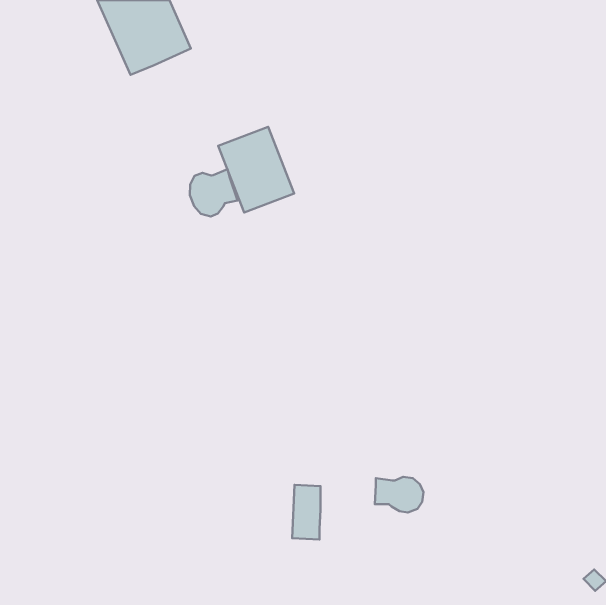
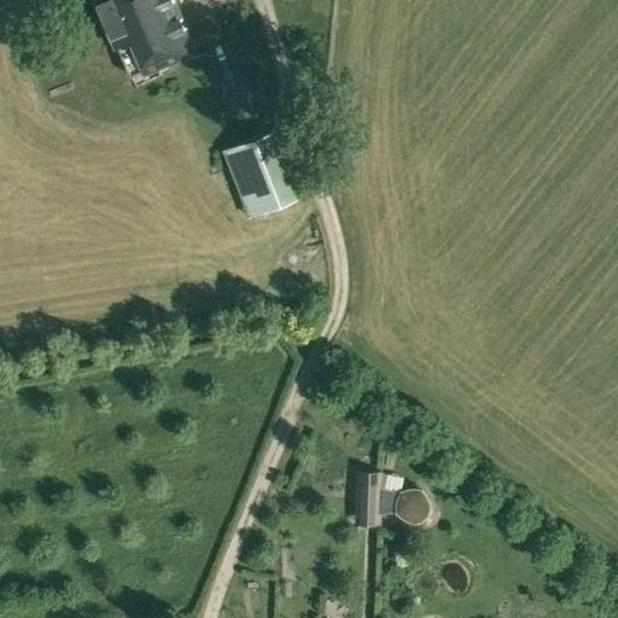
building: [190,169,238,217] -> none
building: [292,485,321,539] -> [354,470,383,525]

